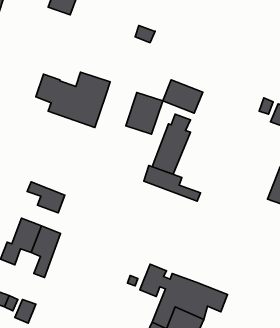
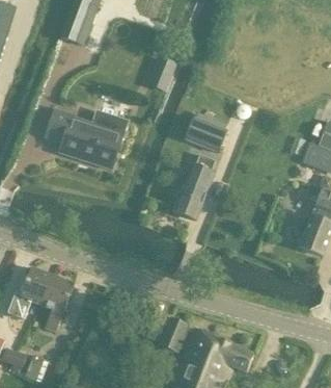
building: [126,93,163,134] -> none
building: [144,165,200,201] -> none
building: [27,182,65,213] -> none

